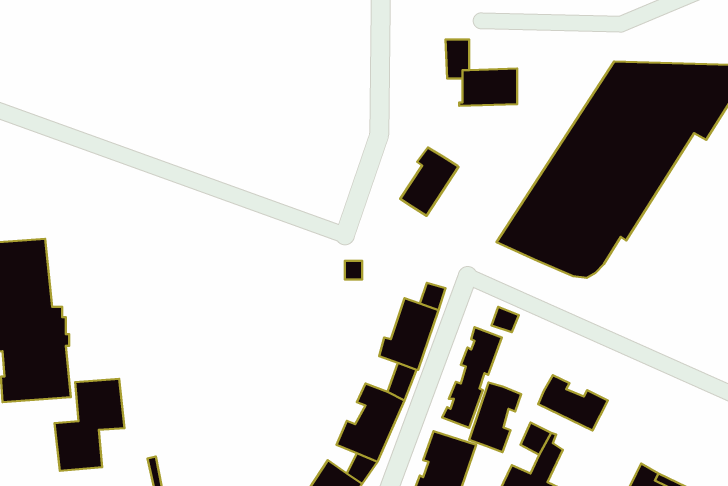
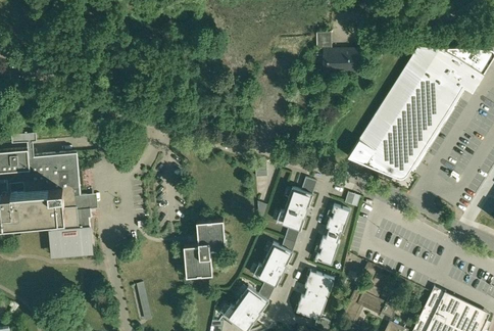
building: [400,147,458,216] -> none
building: [538,375,608,430] -> none
building: [55,379,124,471] -> [184,221,226,276]
building: [469,383,521,452] -> none

